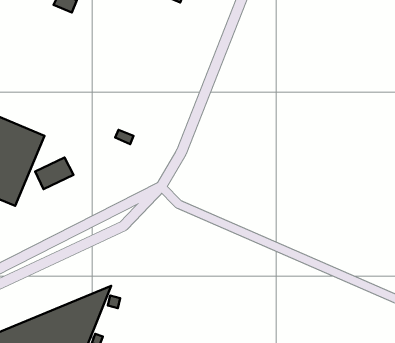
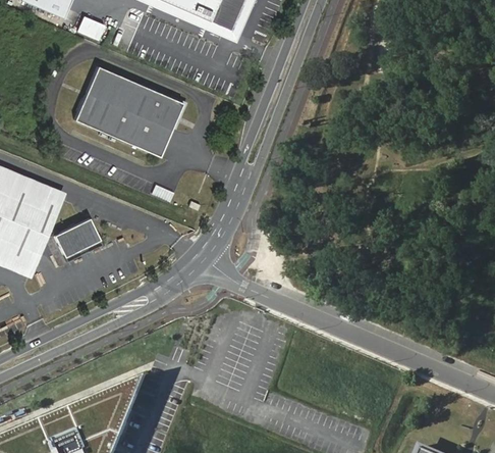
building: none -> [75,66,182,156]

